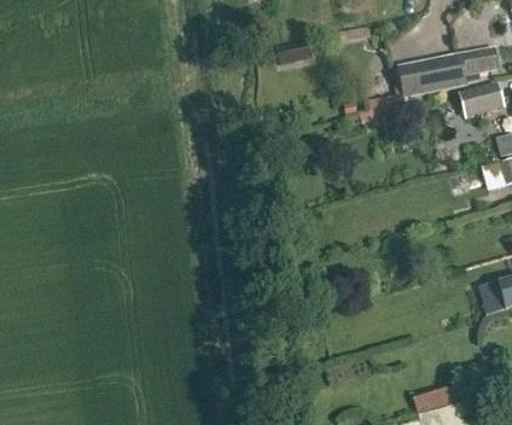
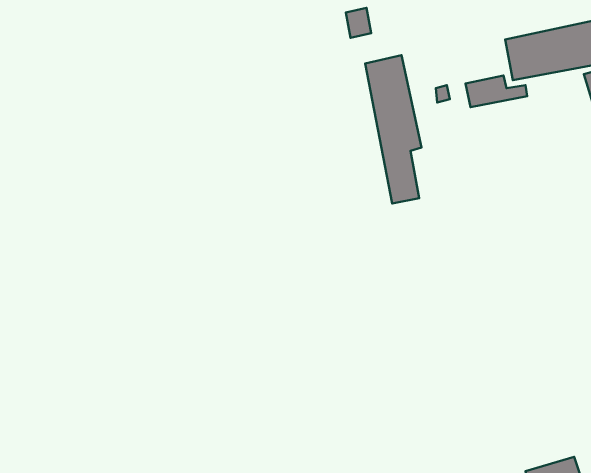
building: none -> [365,55,421,204]

